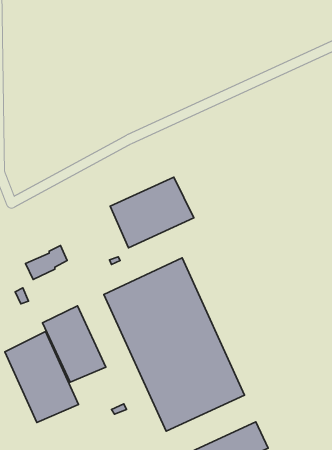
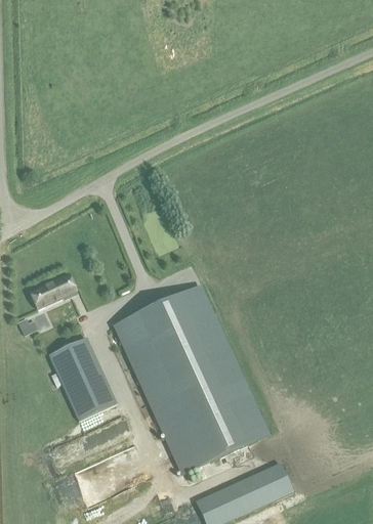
building: [110,177,194,248] -> none
building: [5,332,79,422] -> none

